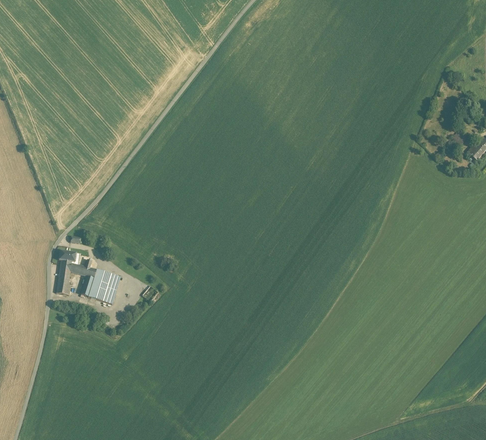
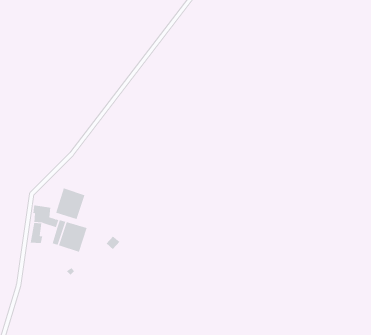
building: none -> [55,188,85,220]

